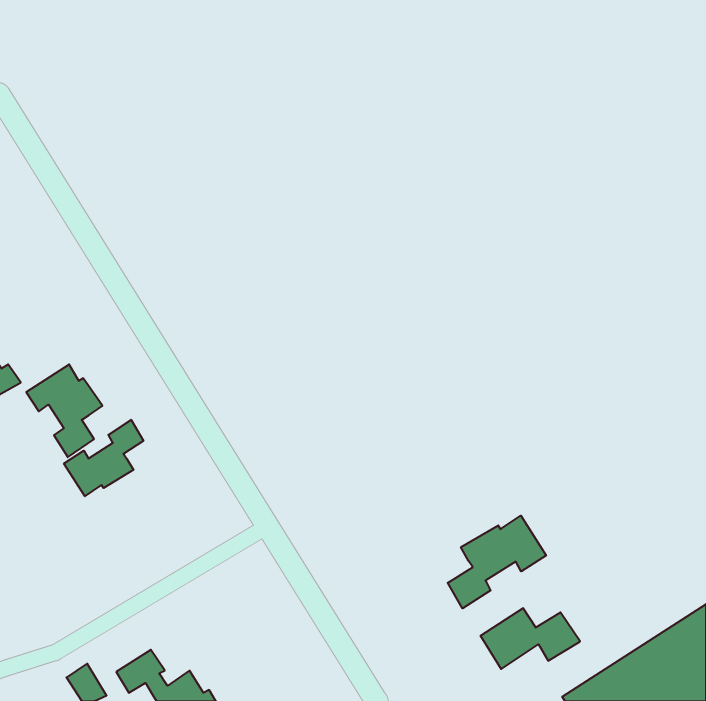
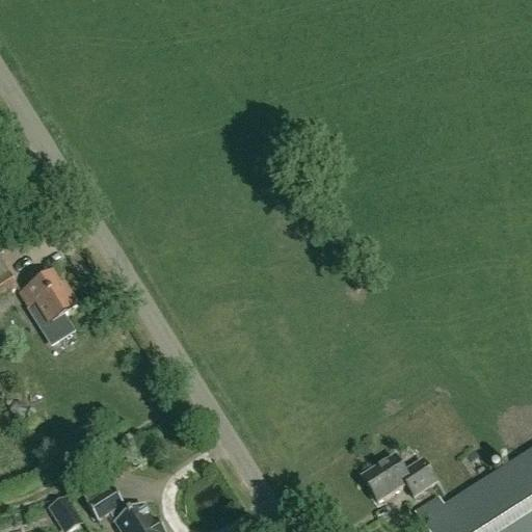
building: [64,420,143,496] -> none
building: [448,516,546,608] -> none

